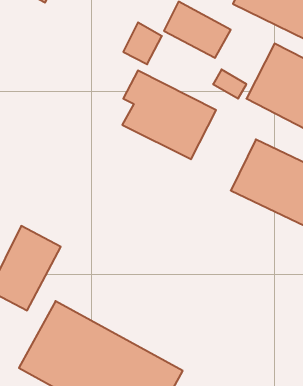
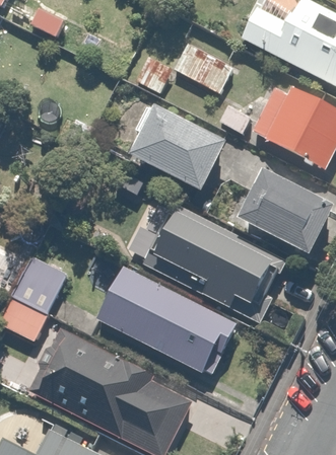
building: none -> [145,205,279,314]
building: none -> [92,257,236,376]

